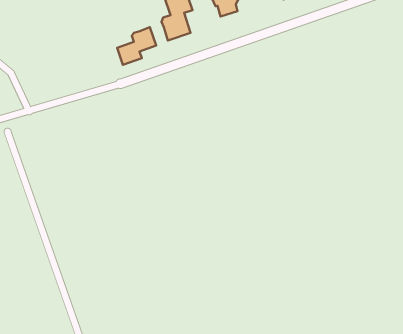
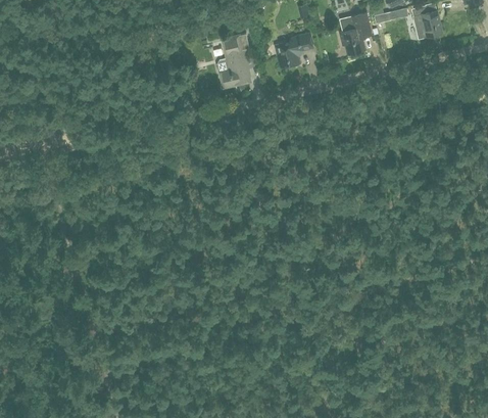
building: [117,27,156,65] -> none

